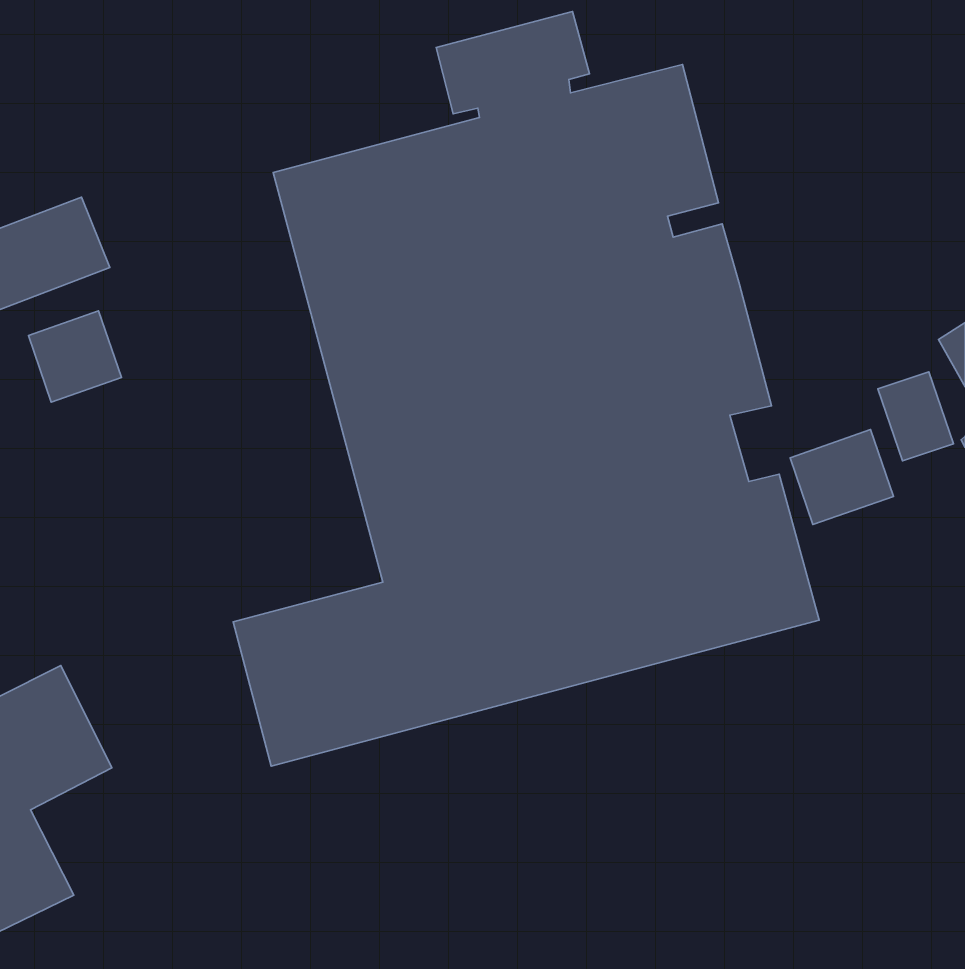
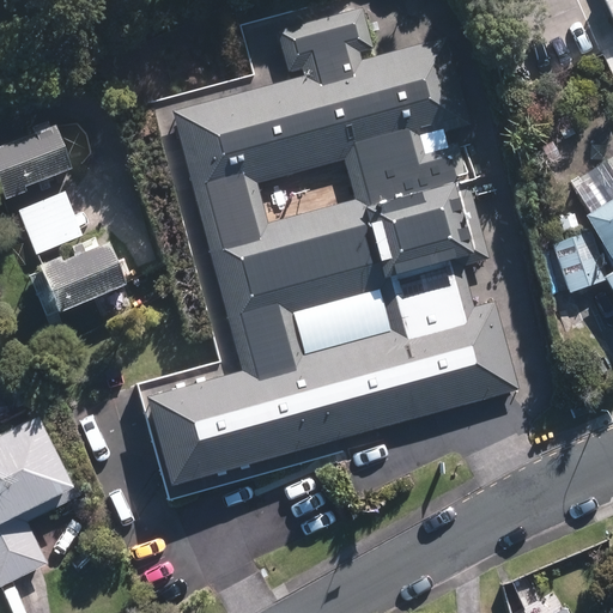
building: none -> [30,247,119,317]
building: [790,430,893,524] -> none

